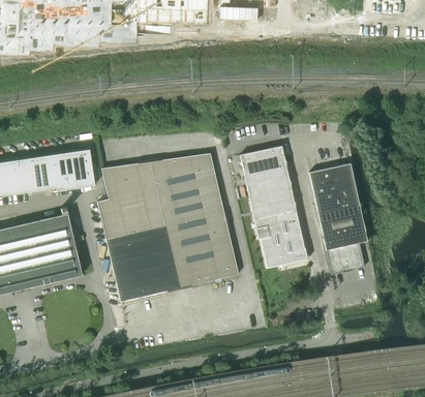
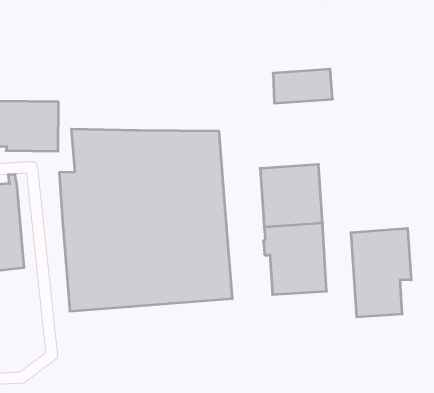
building: [240,145,286,176] -> [273,69,333,103]
building: [308,162,359,213] -> none

